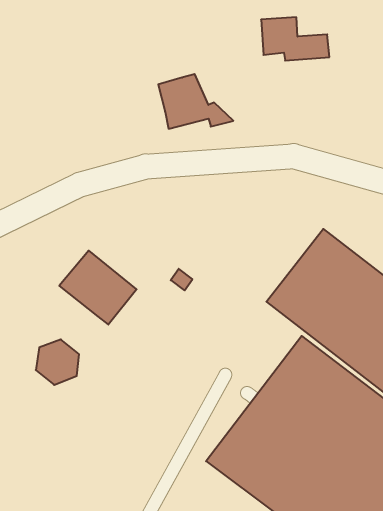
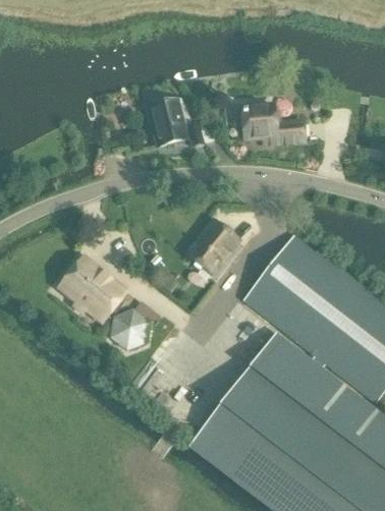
building: [261,17,329,61] -> [242,107,304,146]
building: none -> [187,222,238,275]
building: [36,339,79,385] -> [110,309,149,350]

